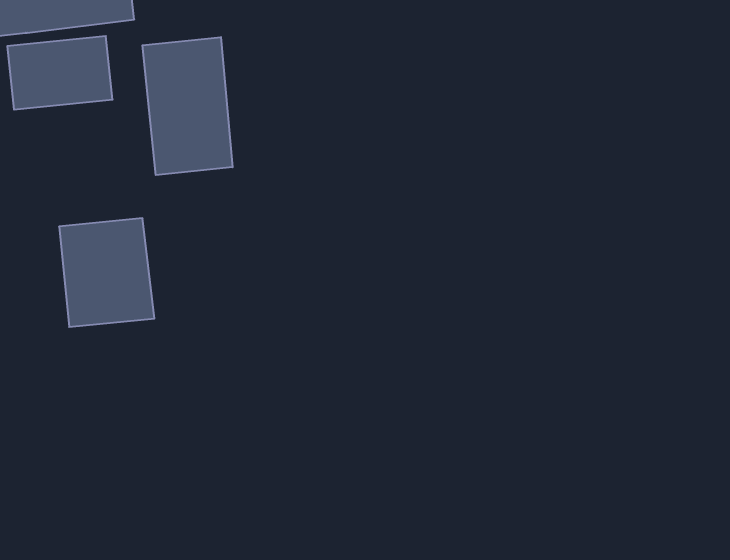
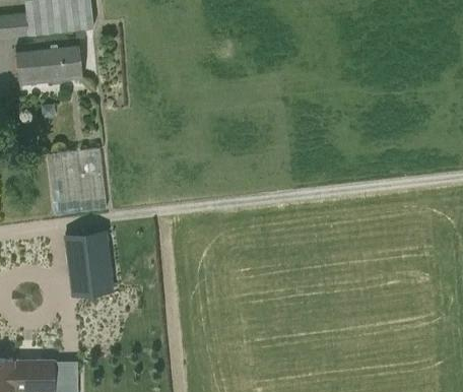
building: [142,37,233,175] -> none
building: none -> [65,231,112,296]

